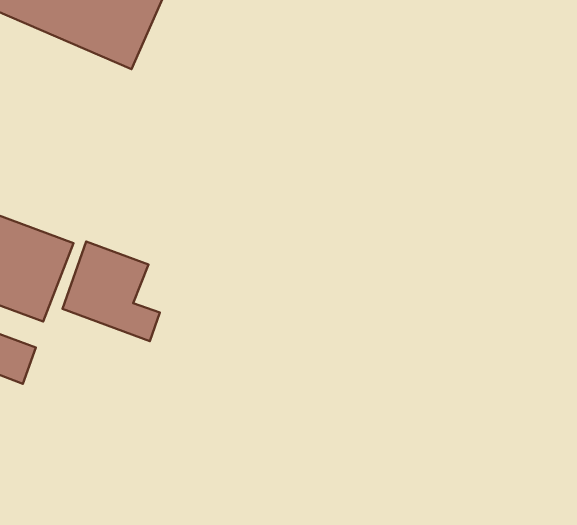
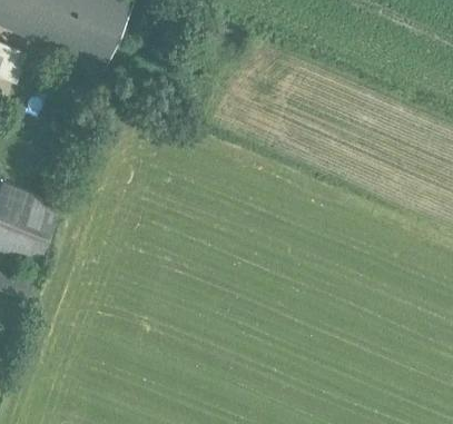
building: [63,242,160,341] -> none

